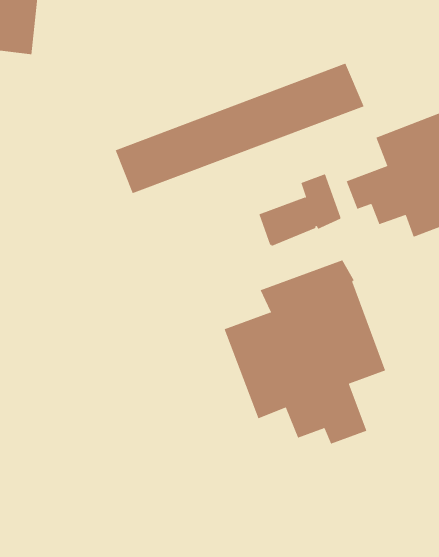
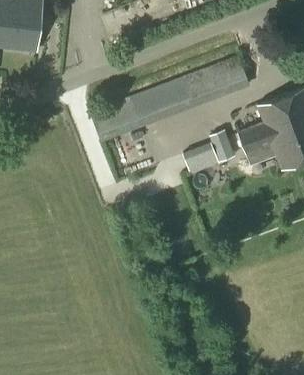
building: [224,259,386,444] -> none

